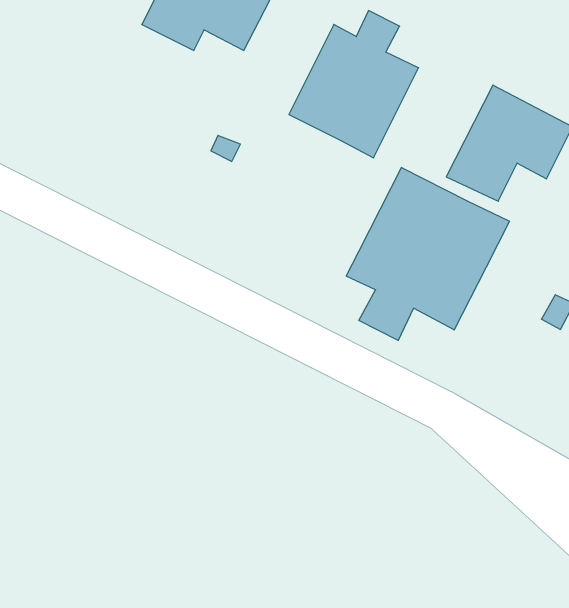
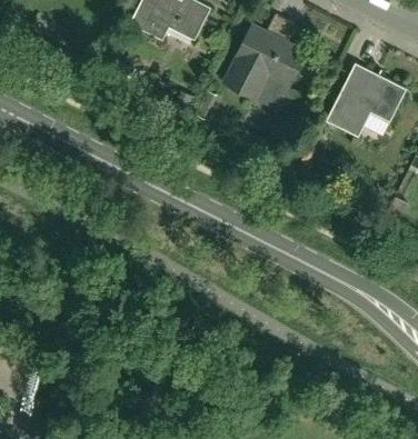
building: [346,167,509,340] -> none

